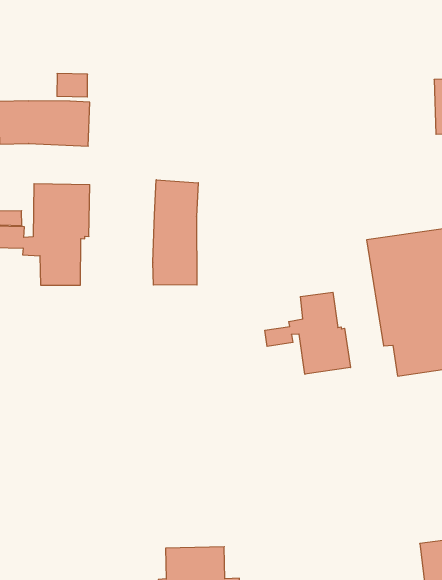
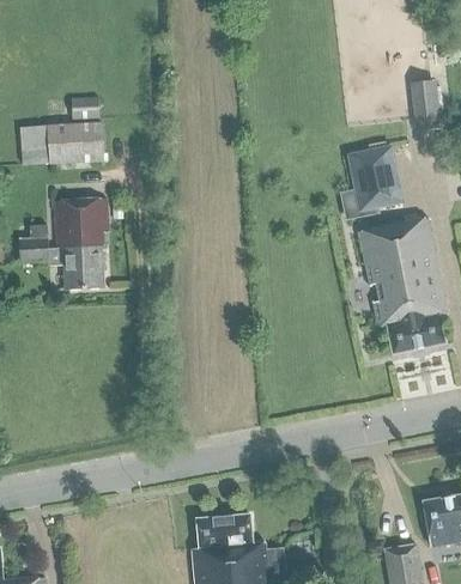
building: none -> [344,144,408,219]
building: [153,180,198,285] -> none
building: [265,292,350,374] -> none

